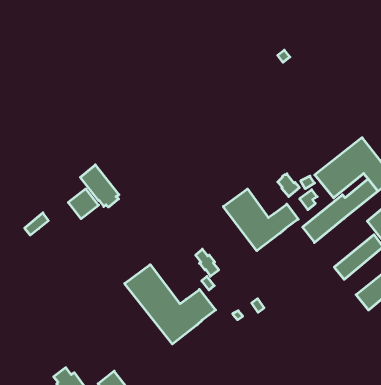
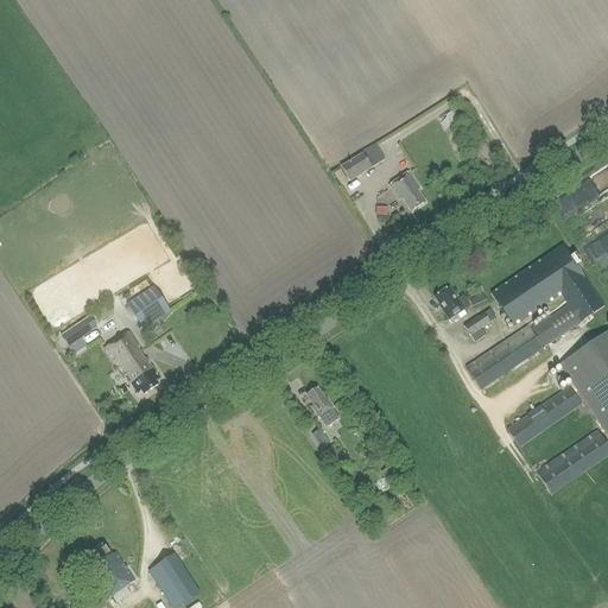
building: none -> [342,144,386,179]
building: none -> [390,171,425,211]
building: [80,165,119,207] -> [106,330,160,393]
building: [223,189,298,251] -> none
building: [125,265,216,344] -> none

